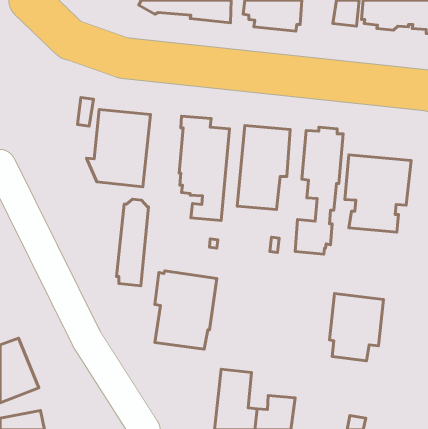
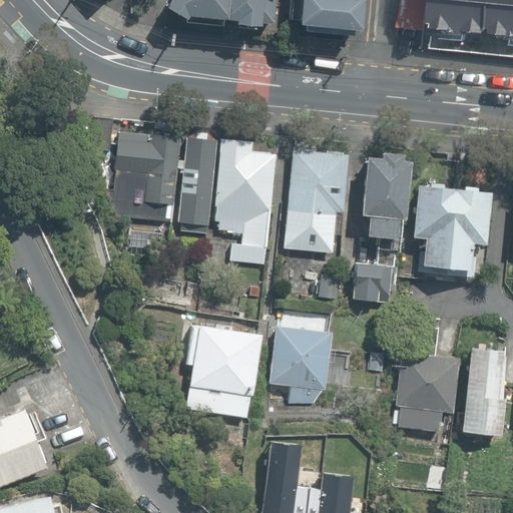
building: [116,199,148,286] -> [178,131,216,234]
building: none -> [272,328,332,407]
building: none -> [463,347,507,435]

